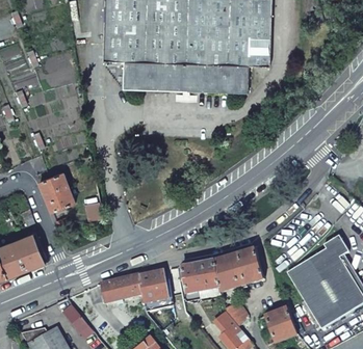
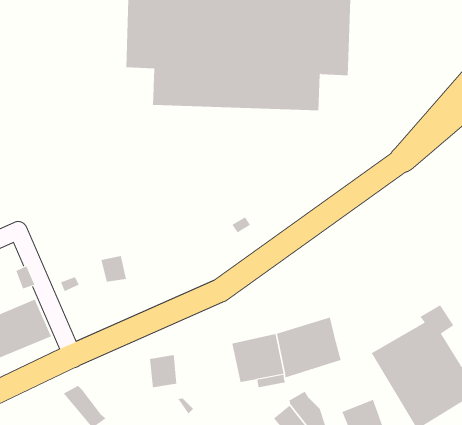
building: [40,171,75,212] -> none
building: [139,269,168,304] -> none
building: [101,277,123,302] -> none

